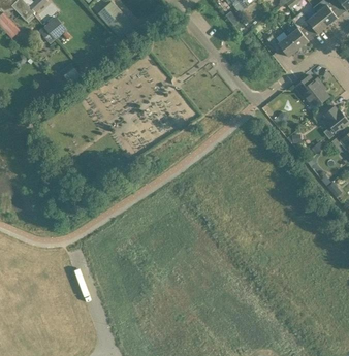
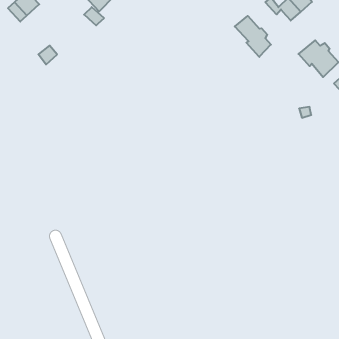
building: none -> [235,16,271,57]

